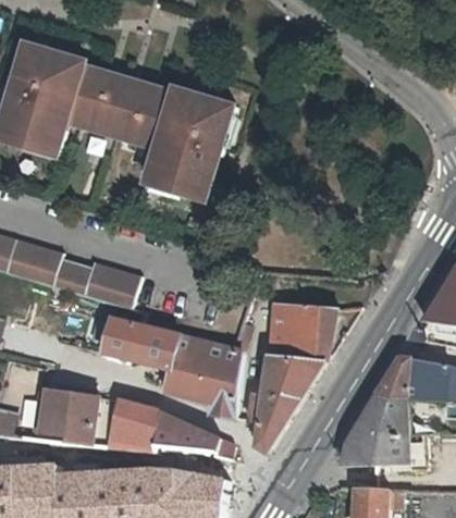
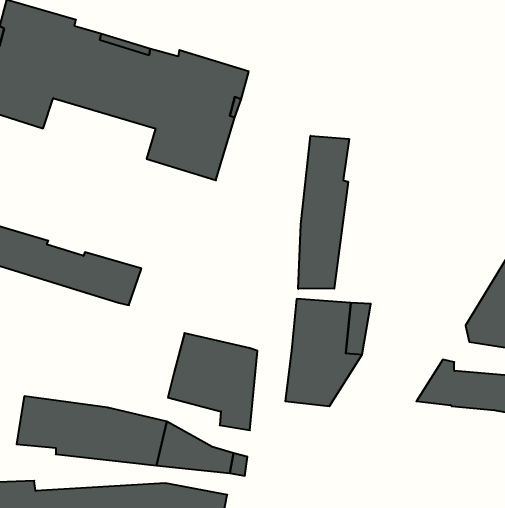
building: none -> [298,136,349,289]
building: [109,307,176,367] -> none
building: [246,391,301,452] -> none
building: [340,392,421,470] -> none

